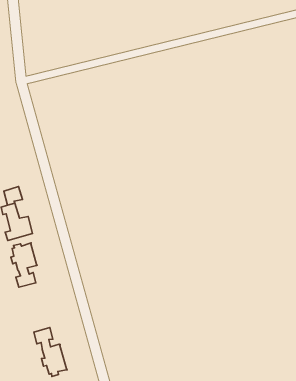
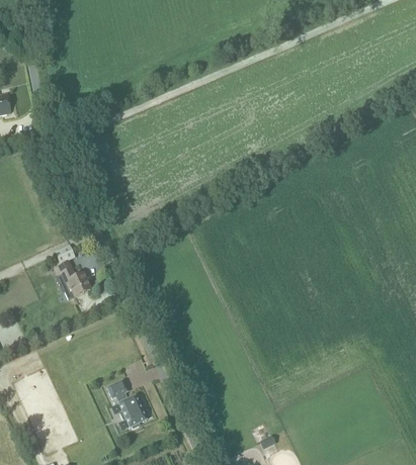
building: [11,243,37,287] -> none

